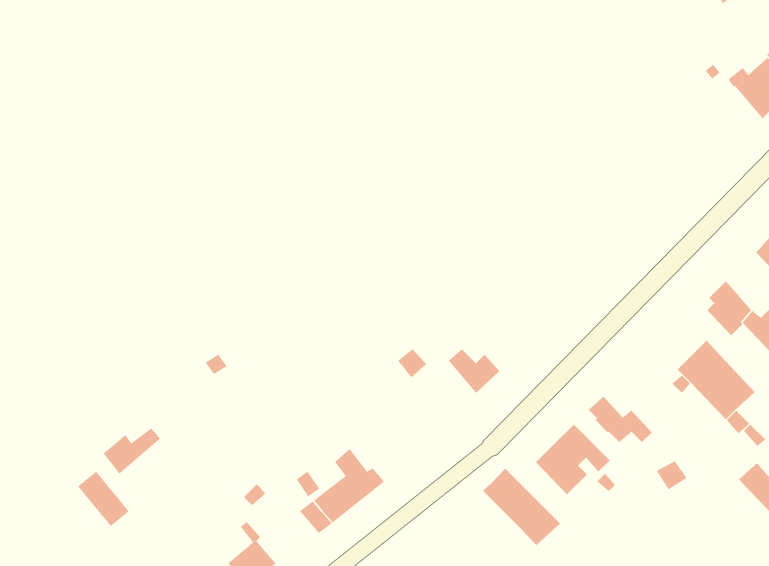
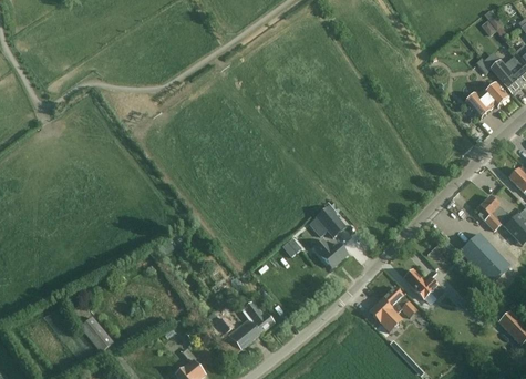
building: none -> [466,82,509,119]
building: none -> [309,205,345,237]
building: [103,427,161,475] -> none
building: [482,468,561,546] -> none

